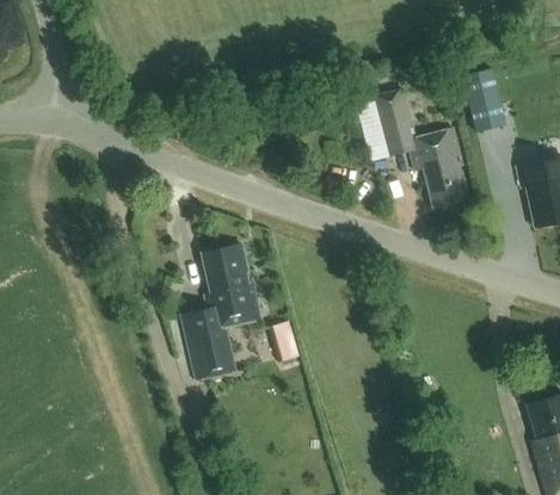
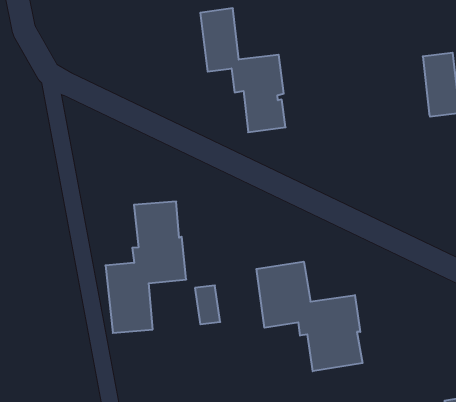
building: [371,89,468,208] -> [200,8,286,132]
building: none -> [256,262,363,371]

